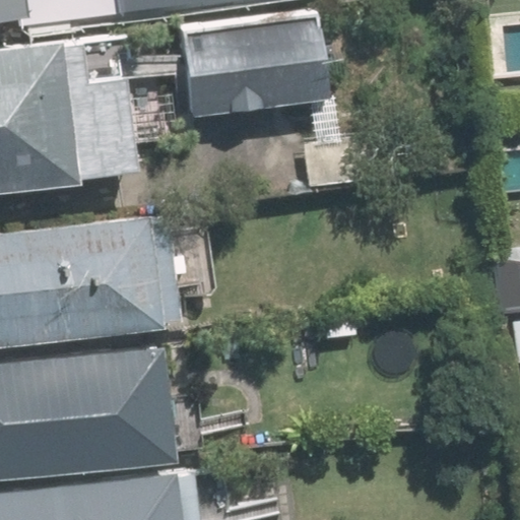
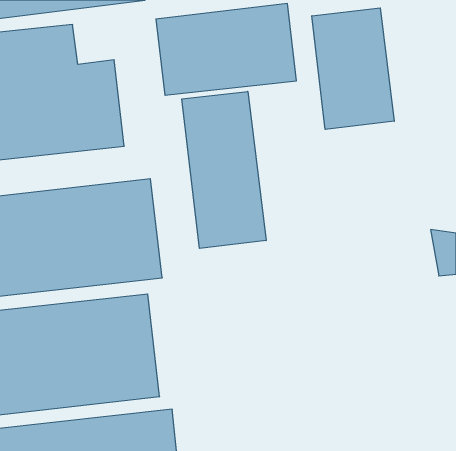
building: none -> [312,8,394,129]
building: none -> [182,91,266,248]

